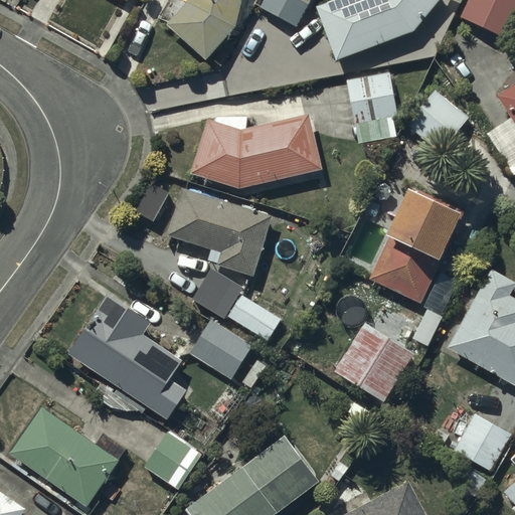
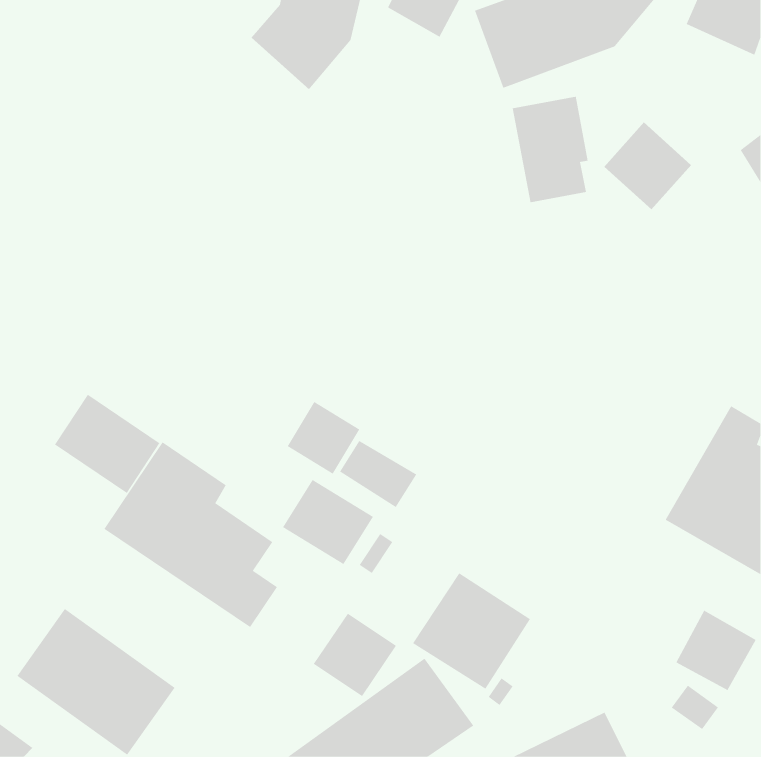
building: [192,116,322,188] -> none
building: [372,189,465,303] -> none
building: [171,190,274,277] -> none
building: none -> [54,394,160,494]
building: [334,324,413,402] -> [412,572,531,690]
building: [143,432,199,488] -> [313,613,397,697]

